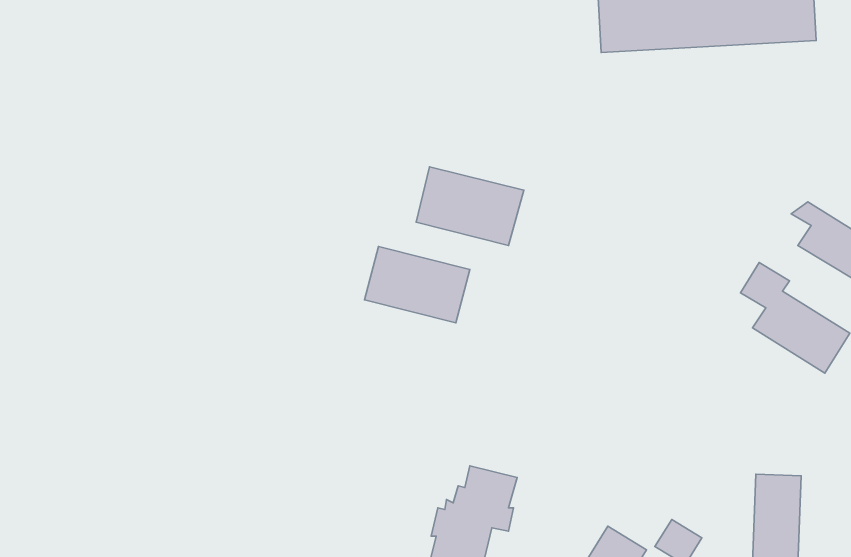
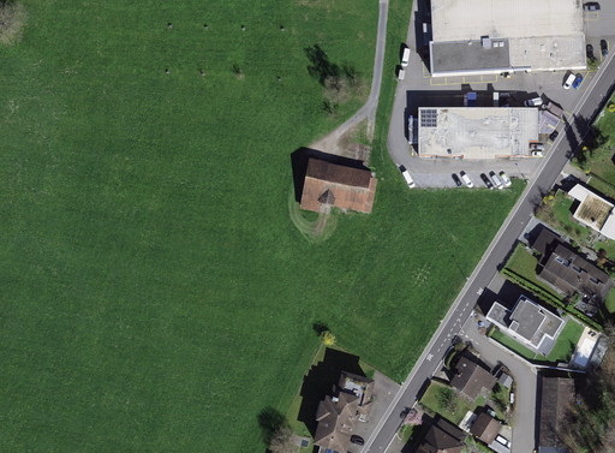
building: none -> [410,107,539,155]
building: [364,246,470,323] -> none
building: none -> [490,296,566,348]
building: none -> [449,354,497,399]

